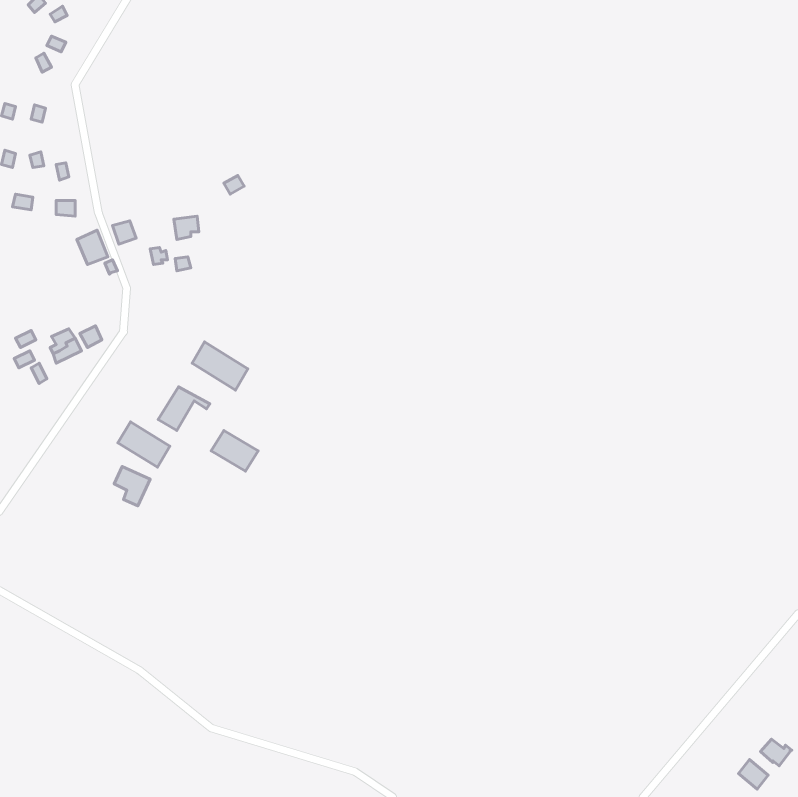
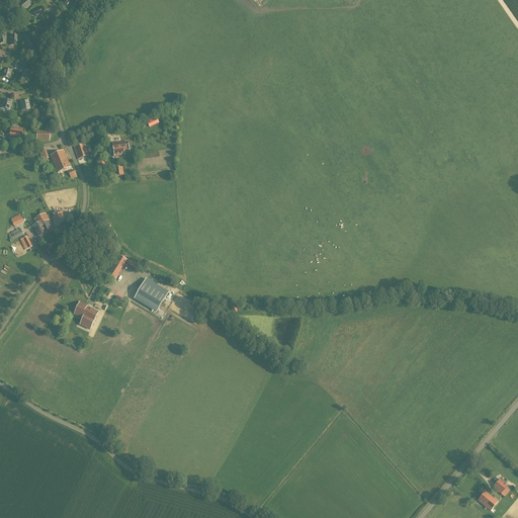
building: [192,342,248,390] -> none
building: [118,422,170,467] -> none

